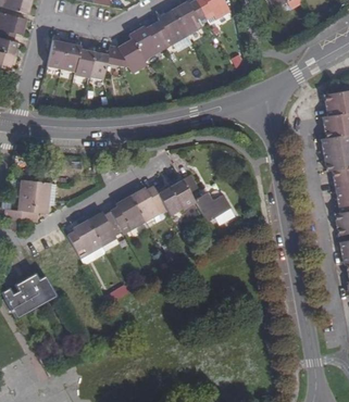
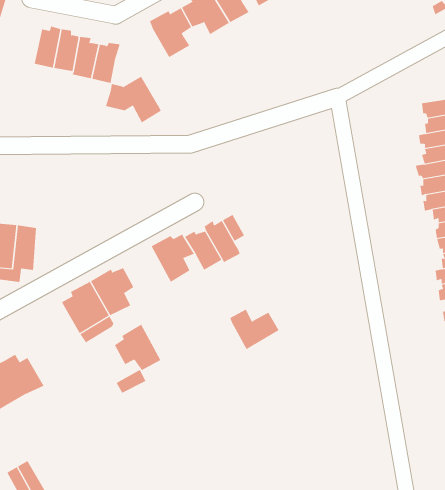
building: [105,40,146,74] -> [105,76,161,123]
building: [194,191,229,221] -> [229,309,280,350]
building: [111,196,145,229] -> [114,324,161,371]

